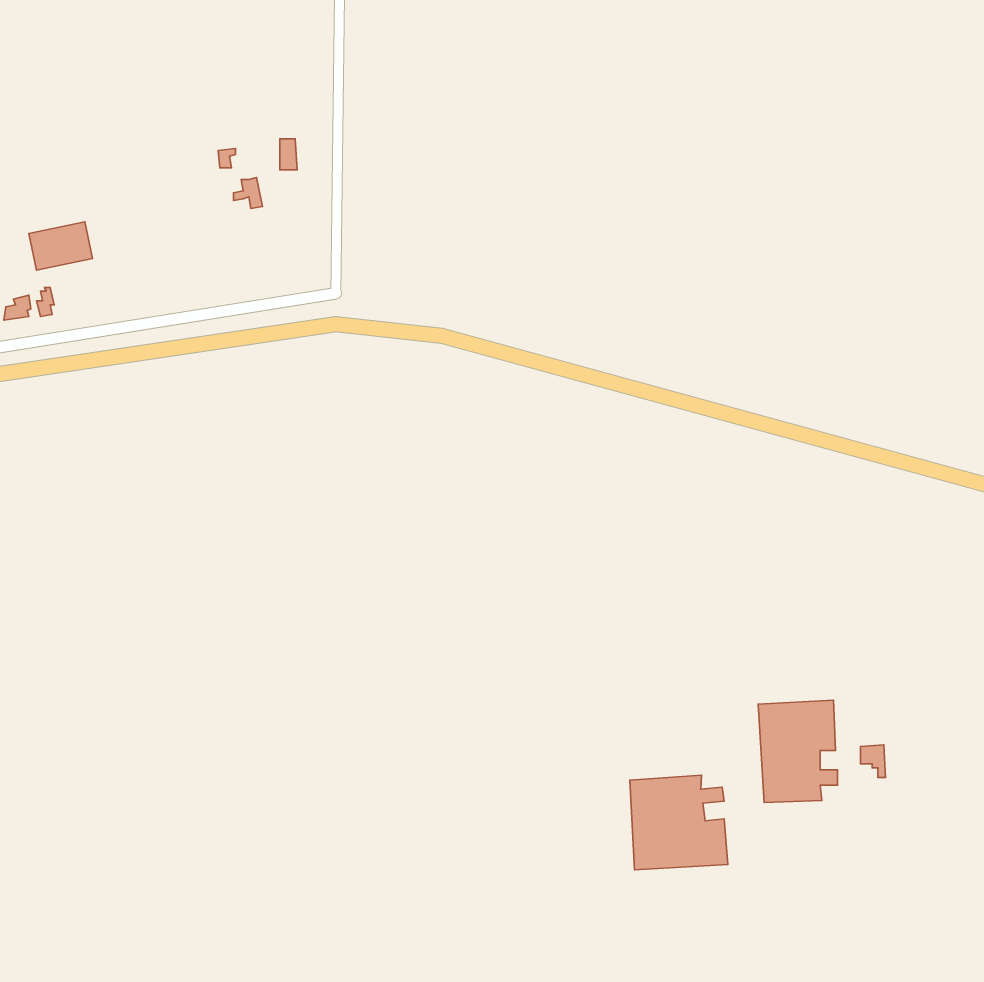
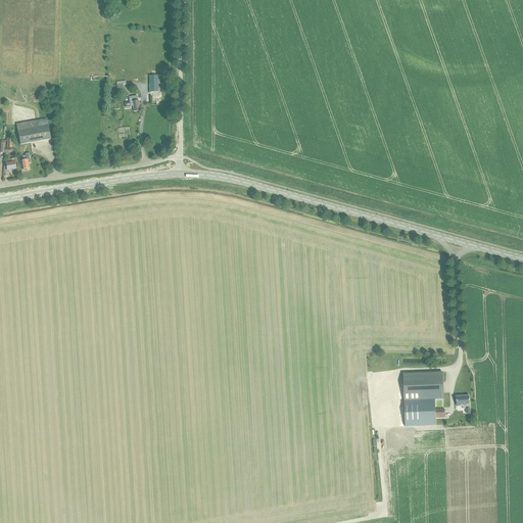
building: [630,775,728,870] -> none

